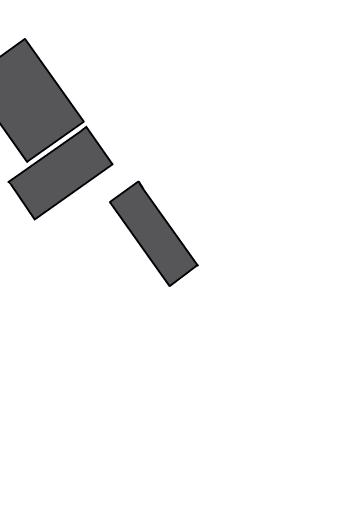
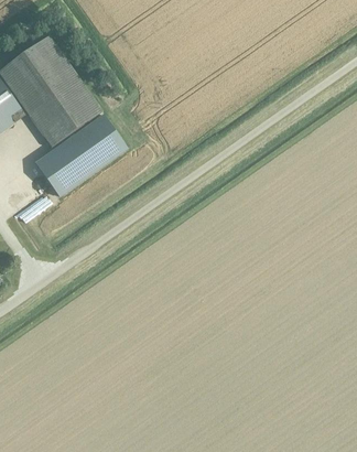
building: [110,182,198,286] -> none

